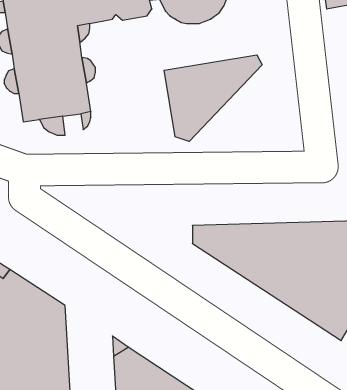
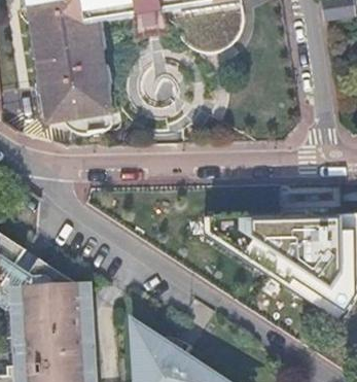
building: [164,55,262,141] -> none

